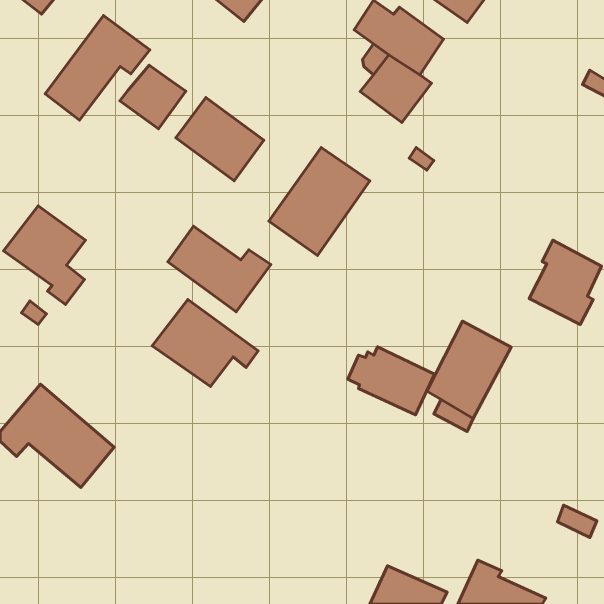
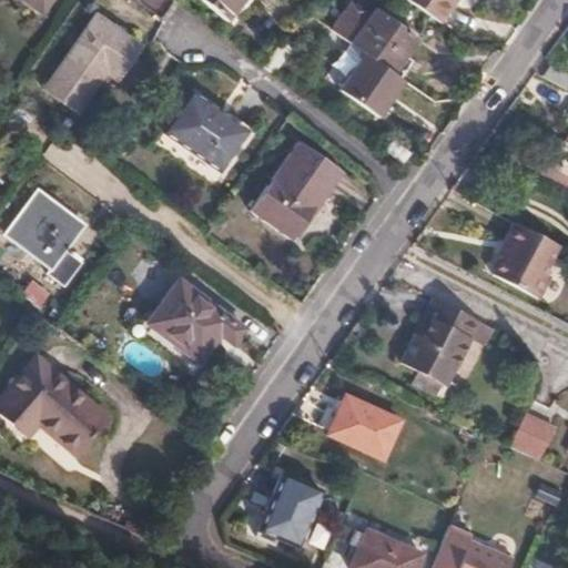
building: [120,65,186,129] -> none
building: [168,226,271,312] -> none
building: [348,347,435,415] -> [318,394,399,457]
building: none -> [511,414,557,460]
building: none -> [258,474,322,546]

